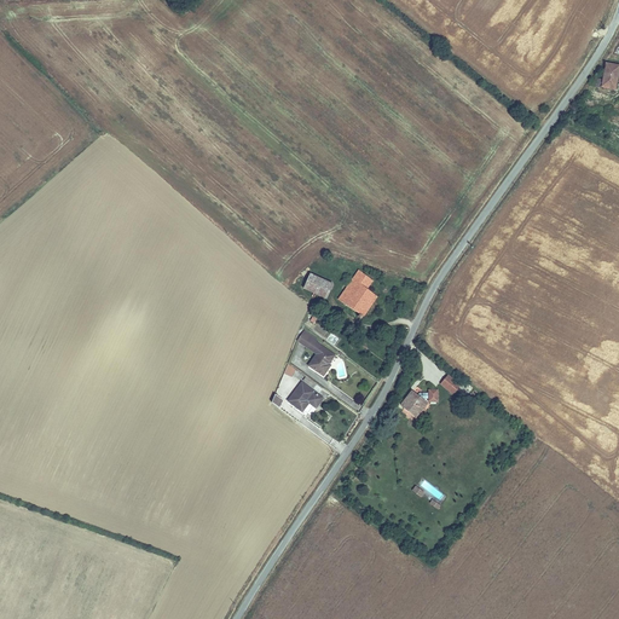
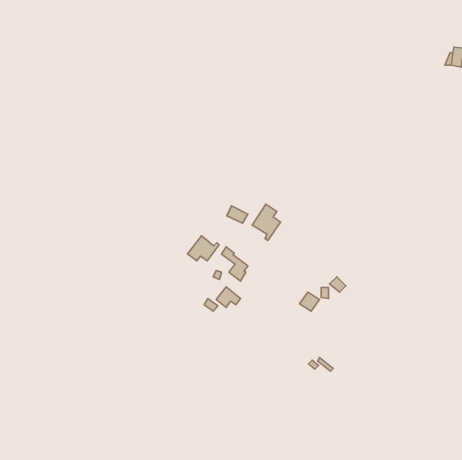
building: none -> [187,236,219,261]

